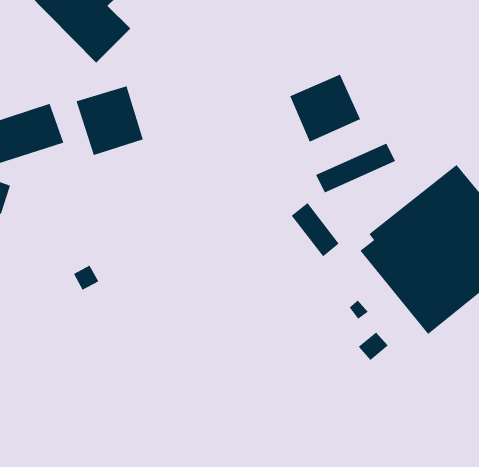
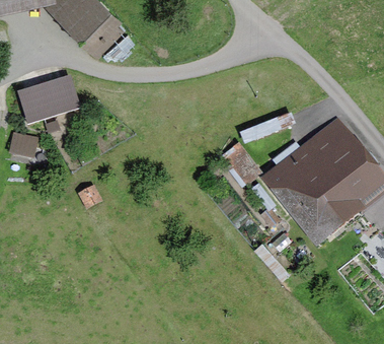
building: [290,74,361,143] -> none
building: [76,86,143,156] -> none

